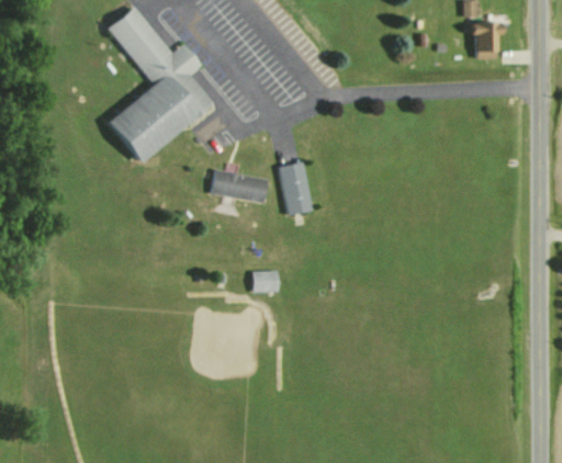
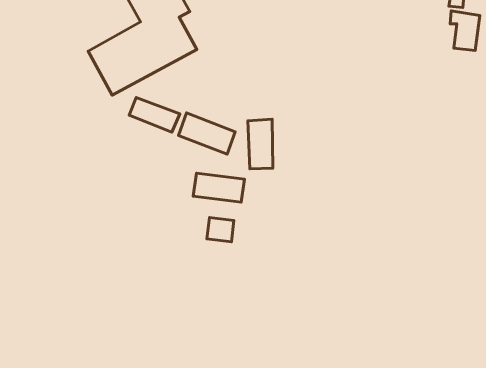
building: none -> [129,98,180,132]
building: none -> [193,173,244,202]

